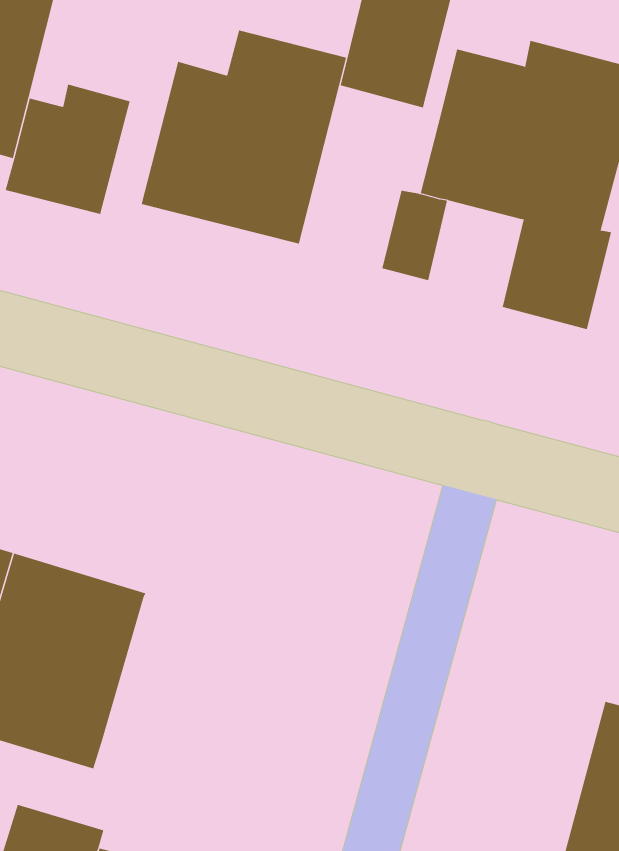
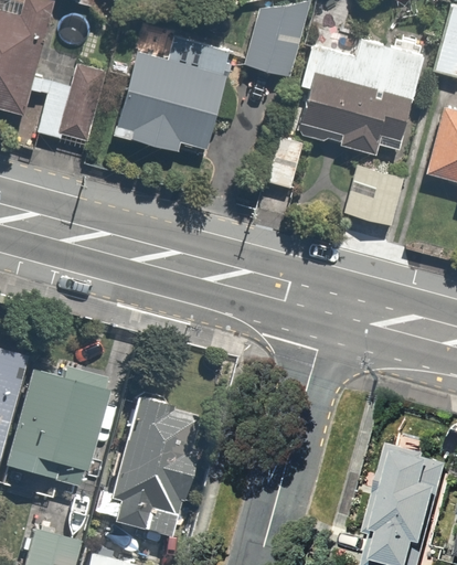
building: none -> [76,394,209,532]

